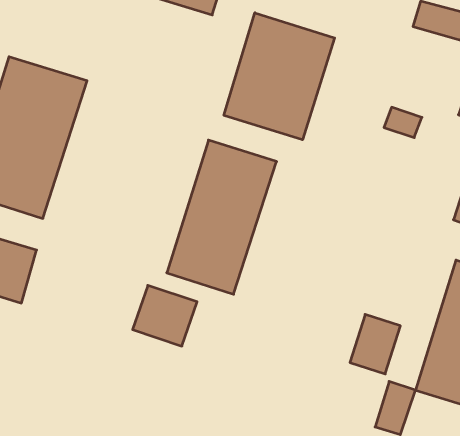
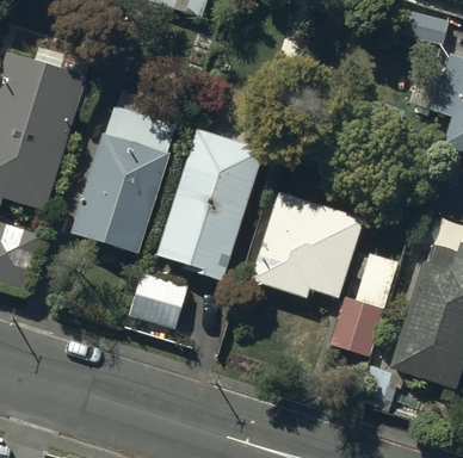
building: [224,13,335,140] -> none
building: none -> [73,107,178,255]
building: none -> [253,198,360,301]

